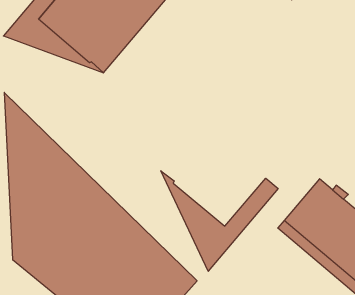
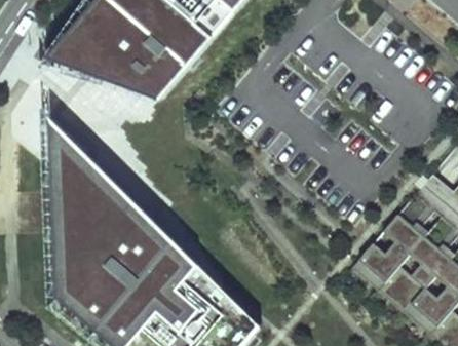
building: [161,171,278,271] -> none

